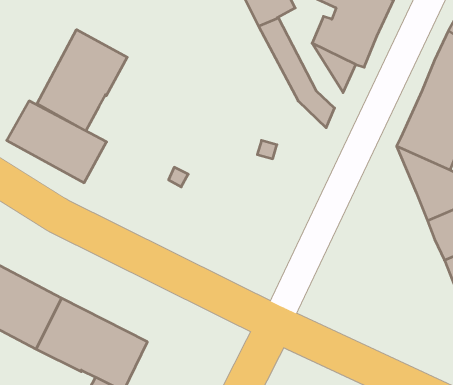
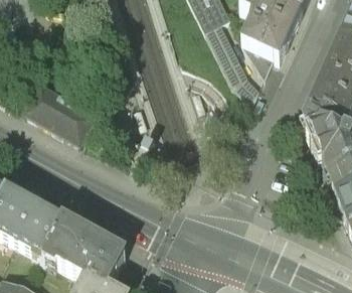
building: [37,30,127,131] -> none

